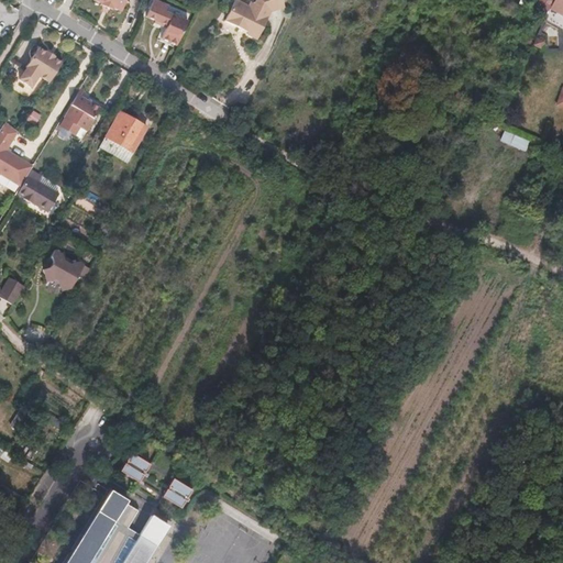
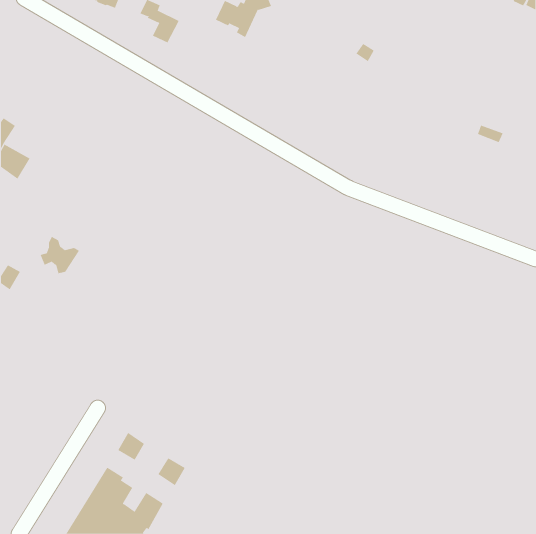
building: [19,46,63,87] -> none
building: [62,88,100,131] -> none
building: [106,109,146,150] -> none
building: [18,167,59,210] -> none

